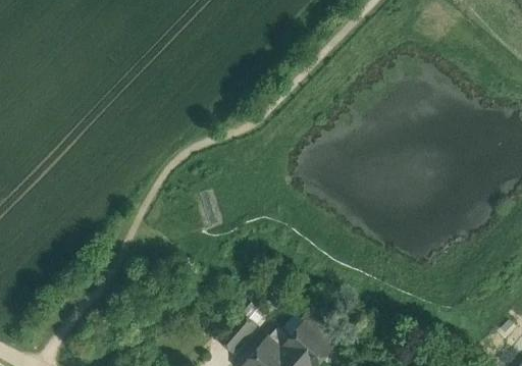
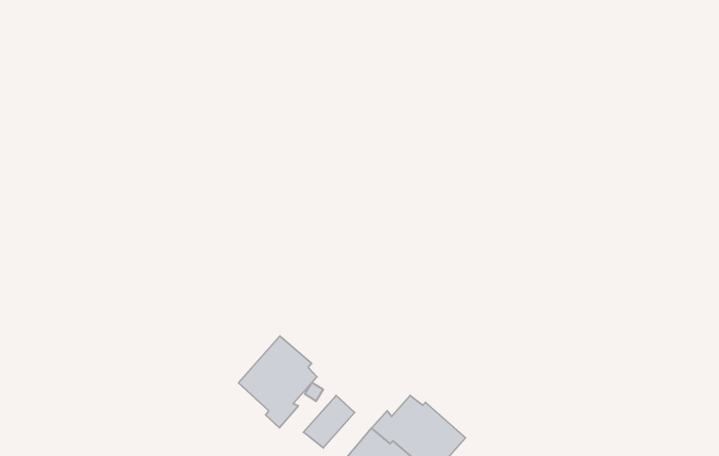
building: none -> [239,336,317,428]

